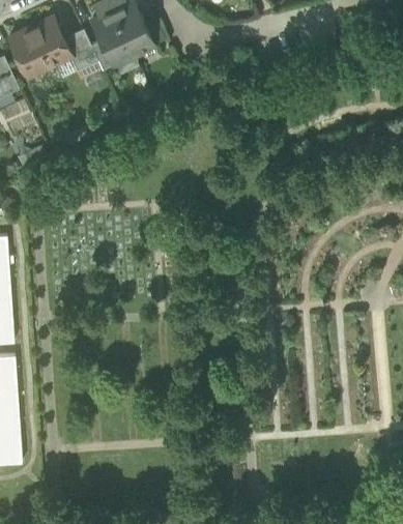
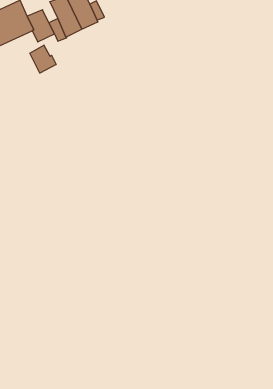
building: none -> [30,45,56,73]

